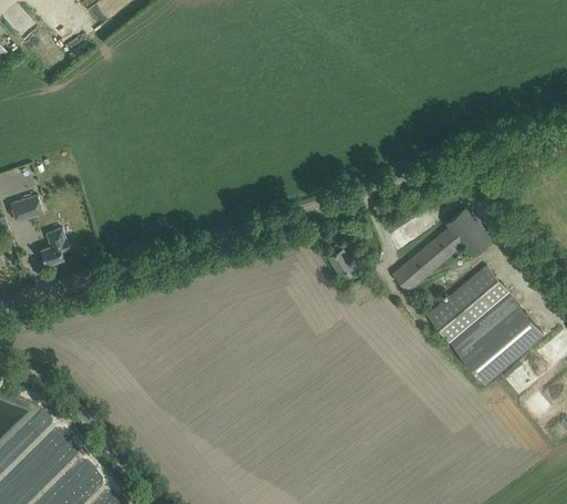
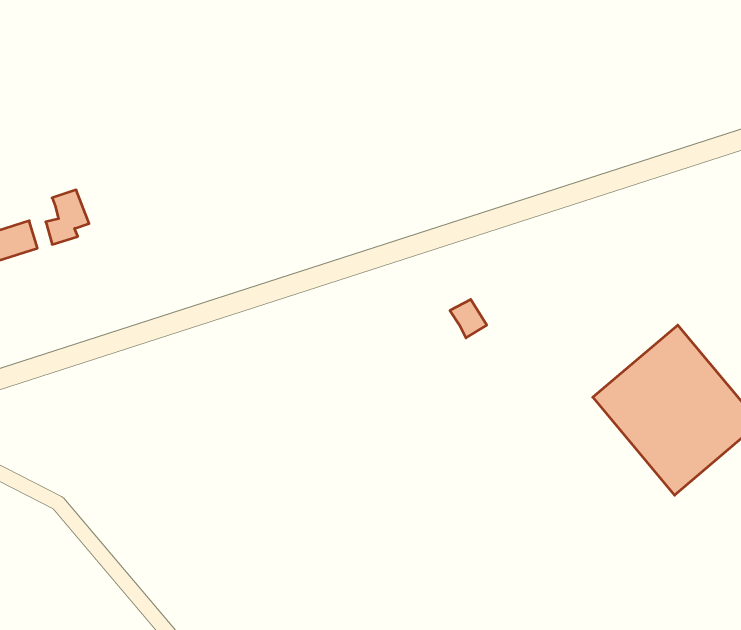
building: [392,207,491,290] -> none
building: [41,227,71,265] -> [46,190,89,244]

